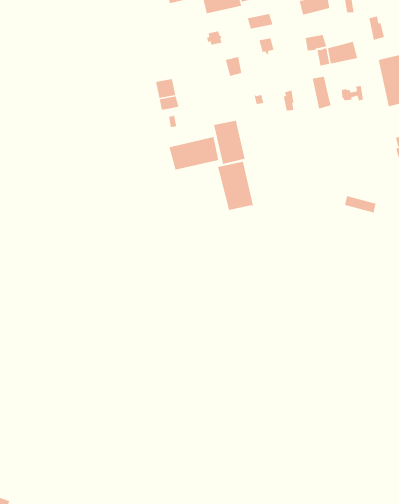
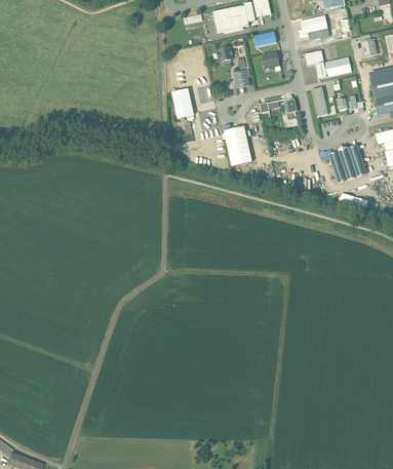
building: [169,136,219,170] -> none
building: none -> [328,146,366,183]
building: [217,161,254,211] -> none

